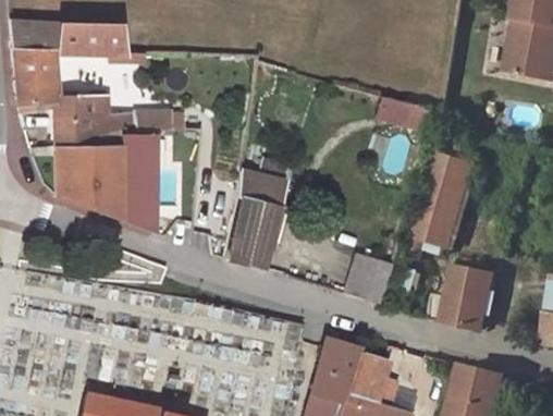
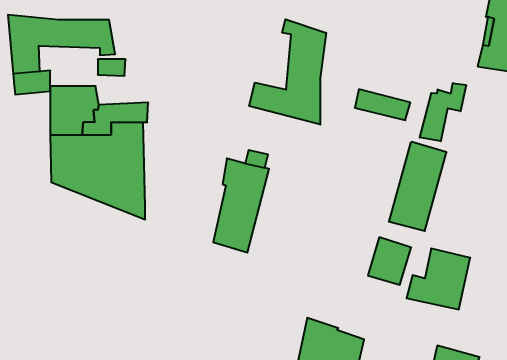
building: none -> [249,19,326,125]
building: none -> [420,83,466,141]
building: [345,254,391,304] -> [368,237,411,285]

